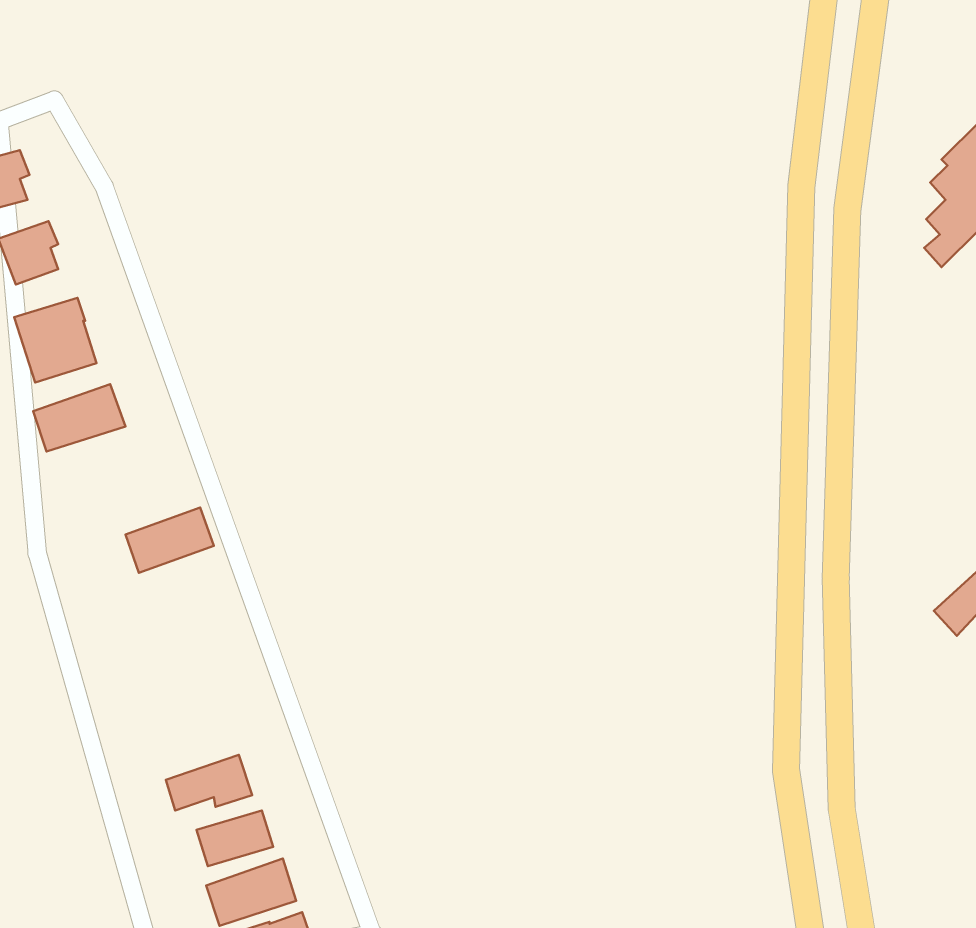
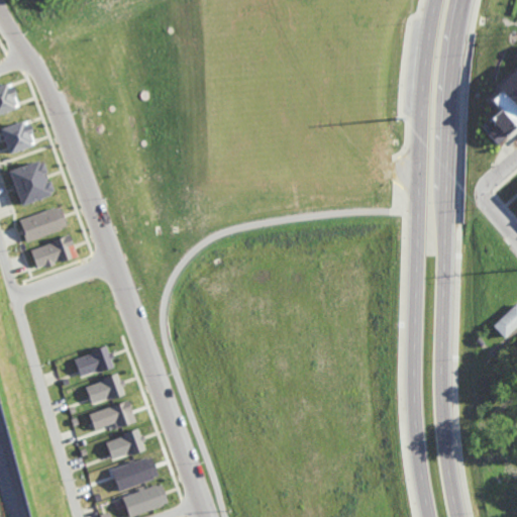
building: [125,508,214,573] -> [30,235,77,270]
building: none -> [74,347,113,377]
building: none -> [85,374,125,405]

